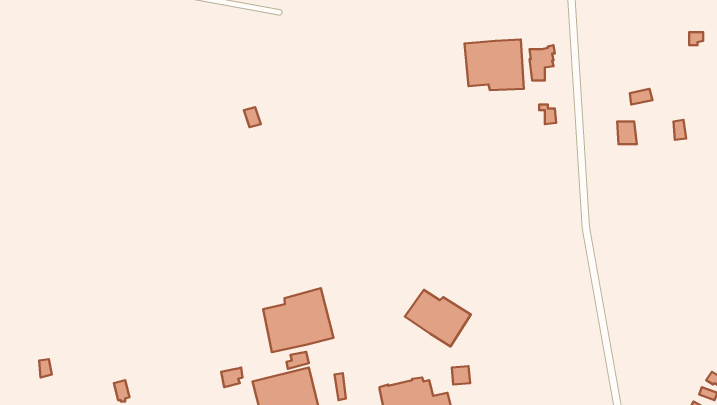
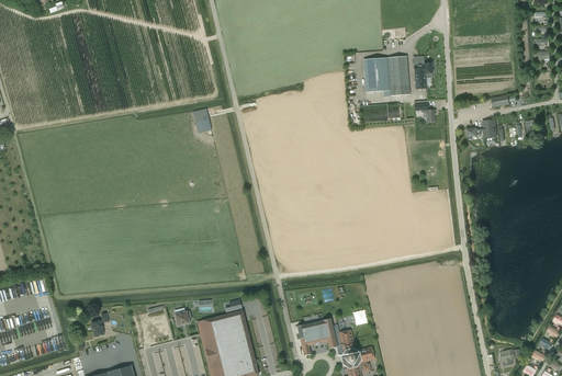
building: [263,288,333,352] -> none
building: [405,290,471,347] -> none

